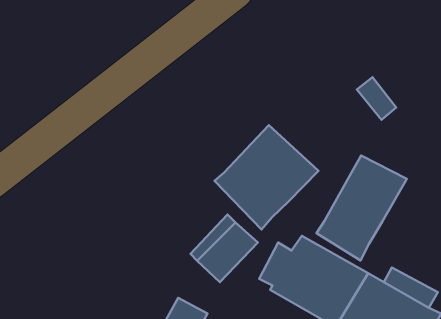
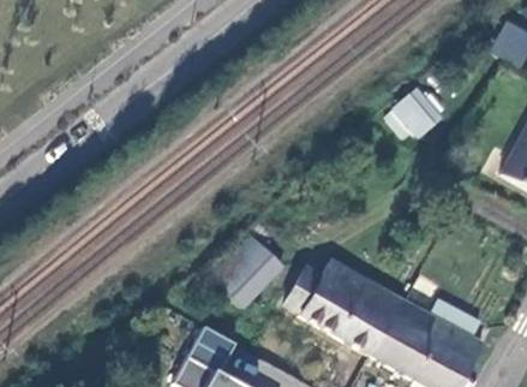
building: [214,125,319,229] -> none
building: [317,155,407,261] -> none

